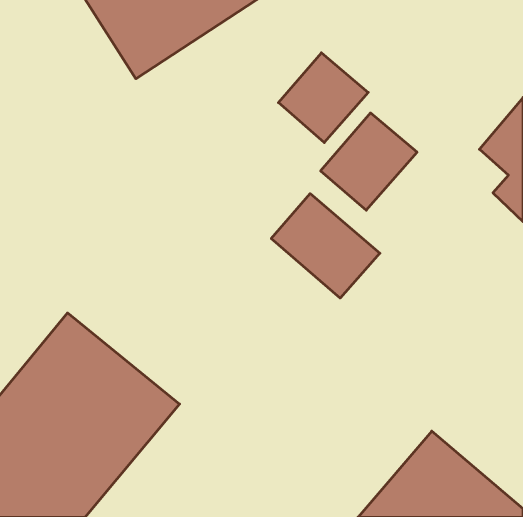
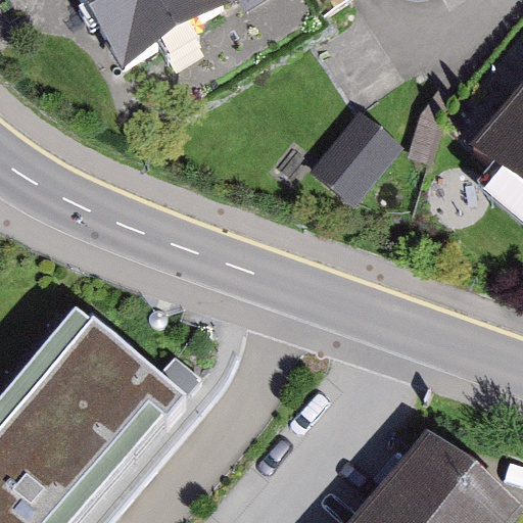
building: [278,53,368,143] -> none
building: [271,194,380,298] -> none

